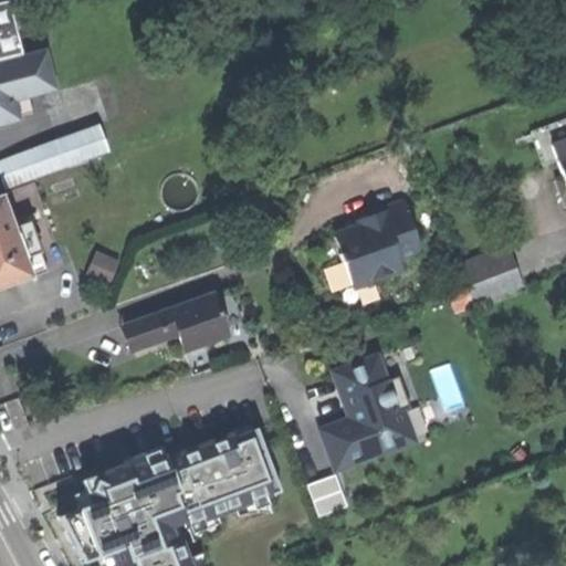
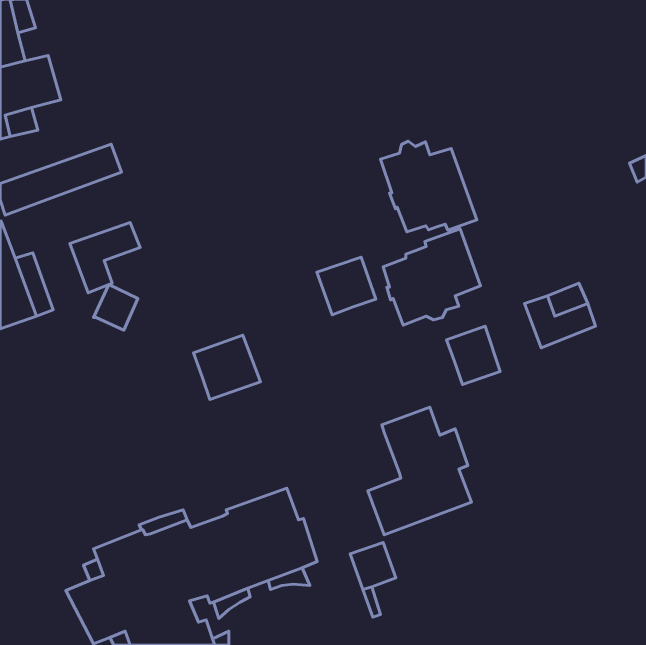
building: none -> [380,141,477,232]
building: none -> [70,223,140,293]
building: none -> [317,257,376,315]
building: none -> [447,326,500,385]
building: [118,308,177,349] -> none

